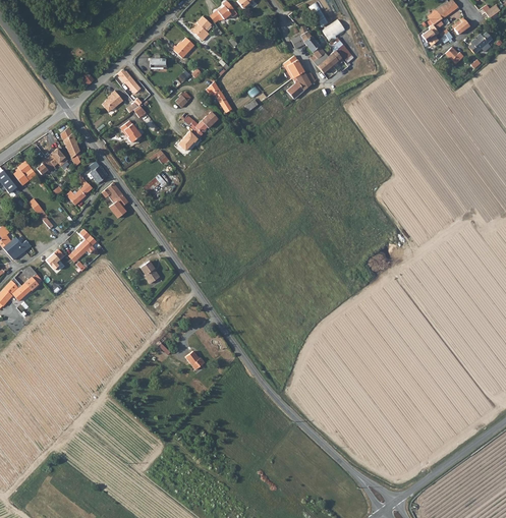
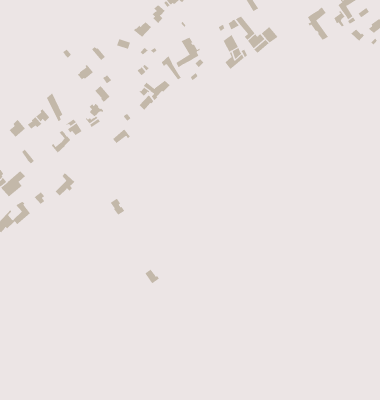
building: none -> [307,7,329,41]
building: none -> [176,37,200,68]
building: [103,182,129,218] -> none

